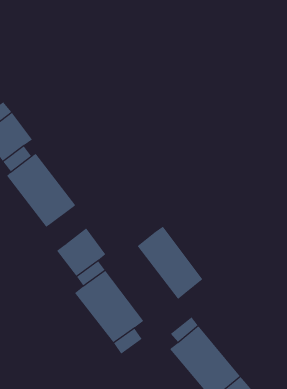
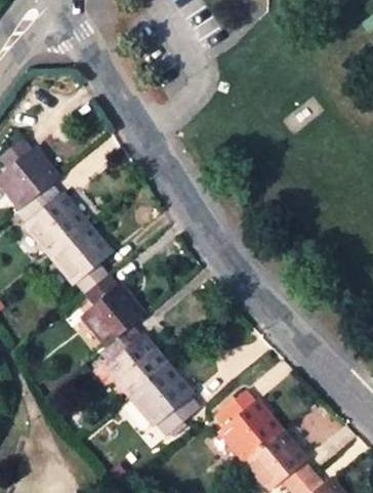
building: none -> [80,264,122,306]
building: [137,226,203,300] -> none

